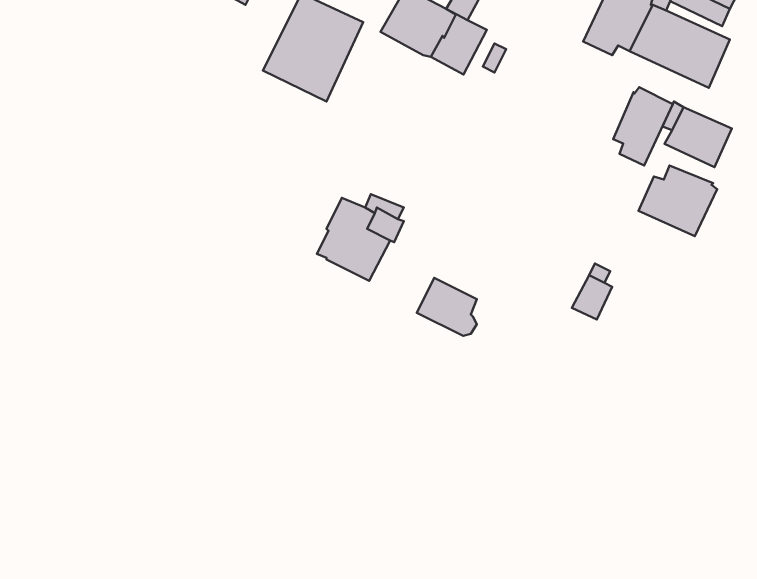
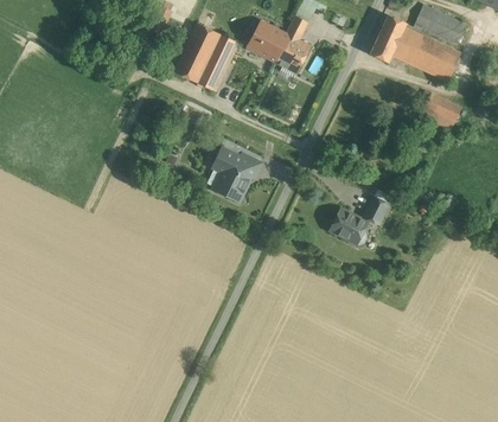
building: [613,87,673,165] -> none
building: [638,165,717,236] -> none
building: [417,278,477,336] -> [330,209,366,244]

